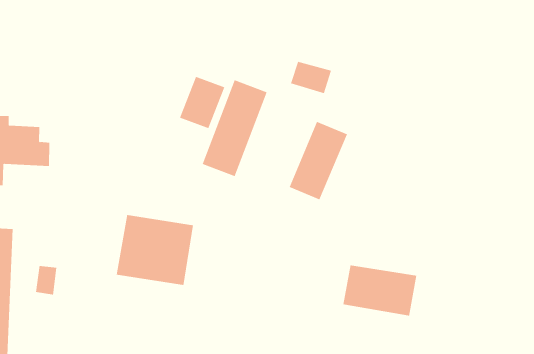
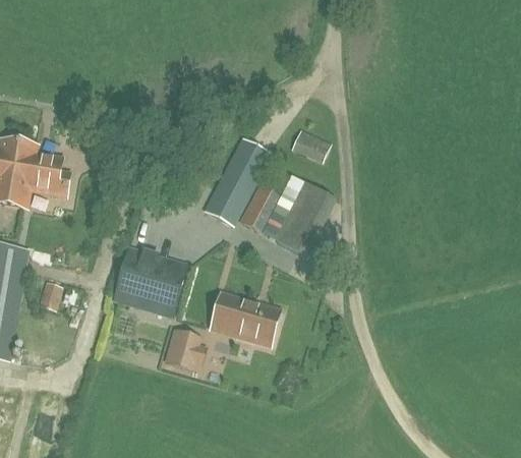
building: [179,76,225,129] -> [239,184,284,233]
building: [342,265,417,316] -> [211,293,281,346]
building: none -> [163,329,207,371]

